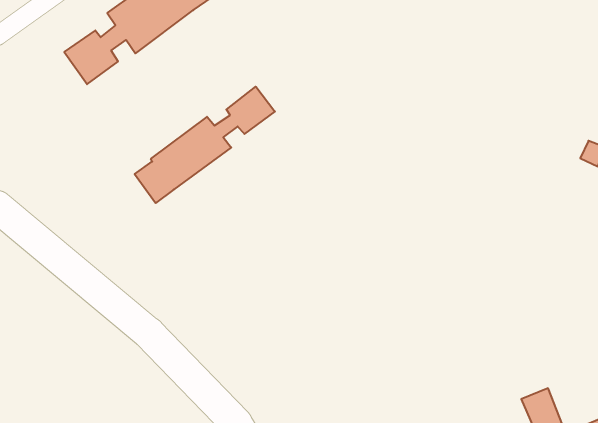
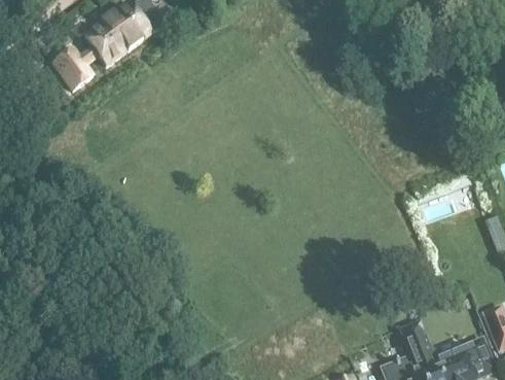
building: [135,87,275,203] -> none

